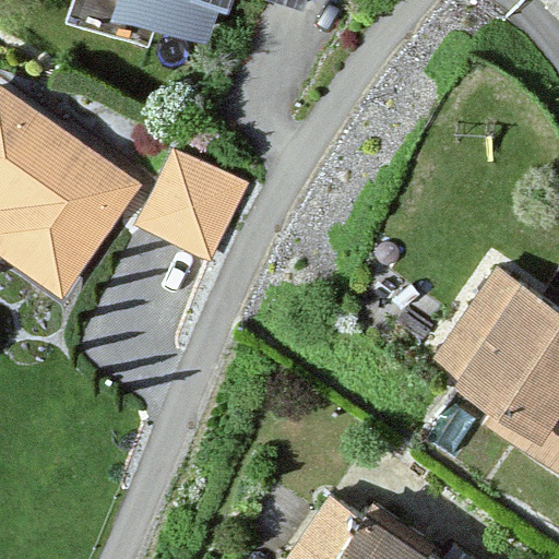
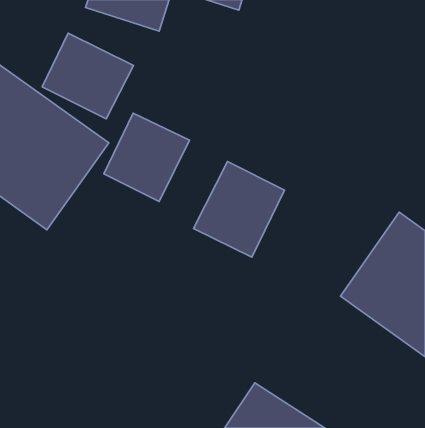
building: none -> [42,33,133,119]
building: none -> [194,161,284,257]

